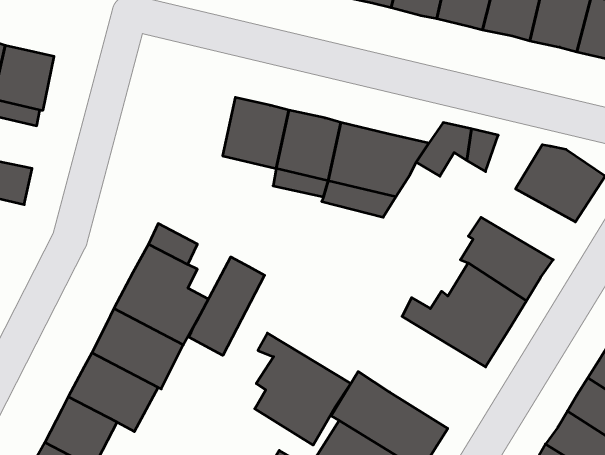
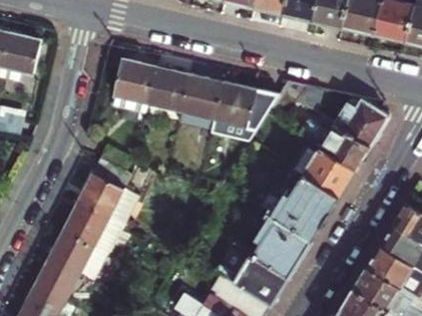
building: none -> [113,57,155,112]
building: none -> [290,118,372,169]
building: [189,257,265,355] -> none
building: [255,333,351,445] -> [254,205,315,276]

